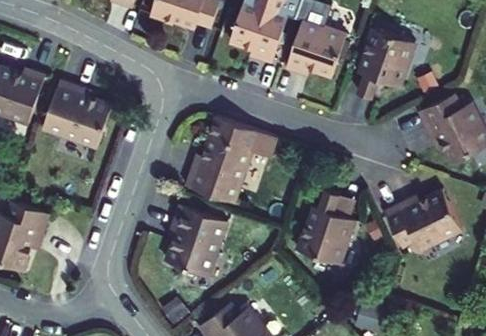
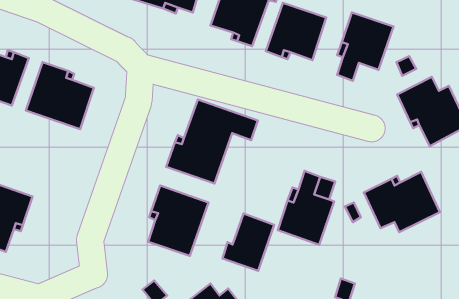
building: none -> [223,214,274,271]

